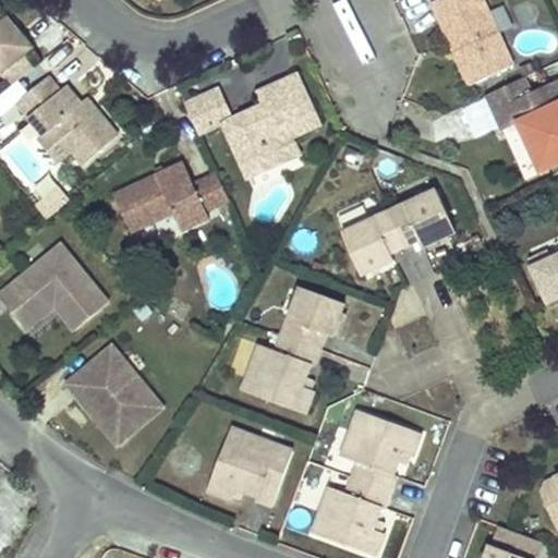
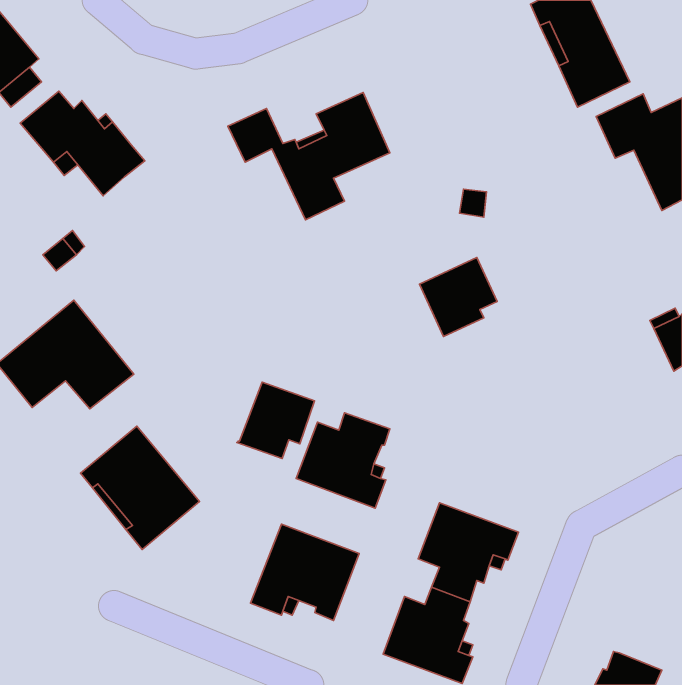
building: [113,160,229,230] -> none
building: [388,187,457,245] -> none
building: [280,287,343,349] -> [237,382,314,459]

